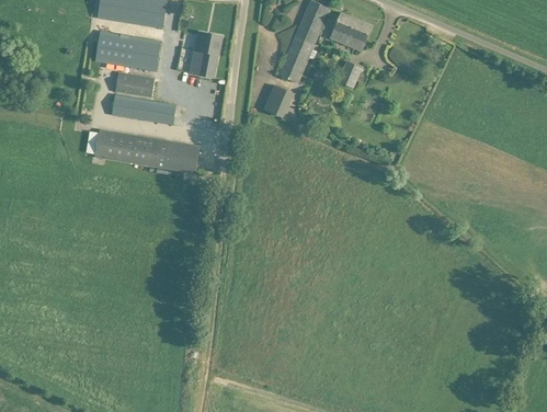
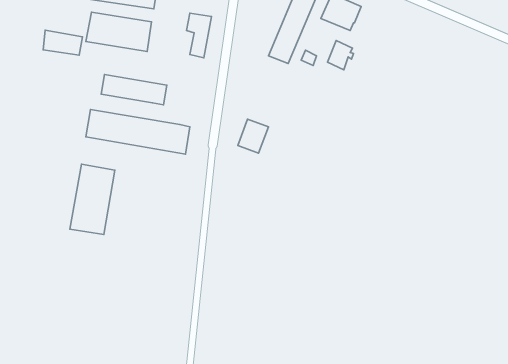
building: [115,72,155,98] -> [43,30,82,55]
building: [257,82,287,116] -> [238,119,268,153]
building: none -> [70,164,115,234]

